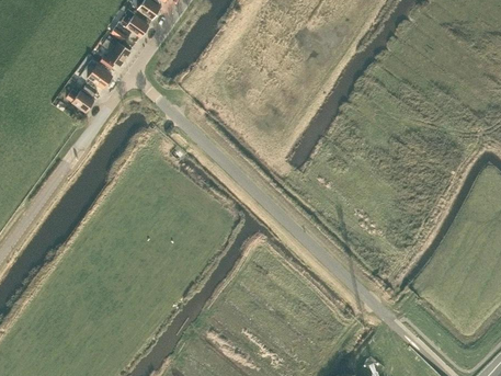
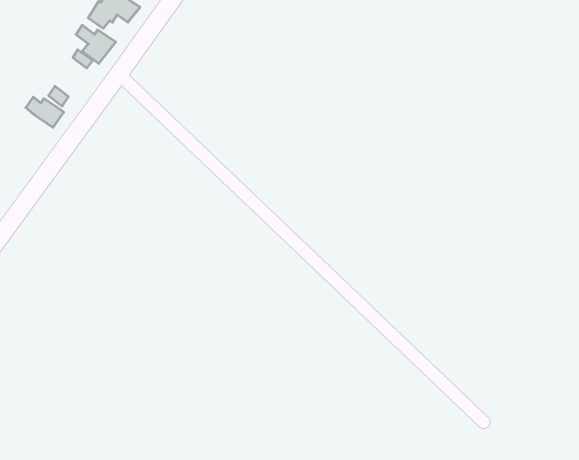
building: [80,59,113,90] -> none

